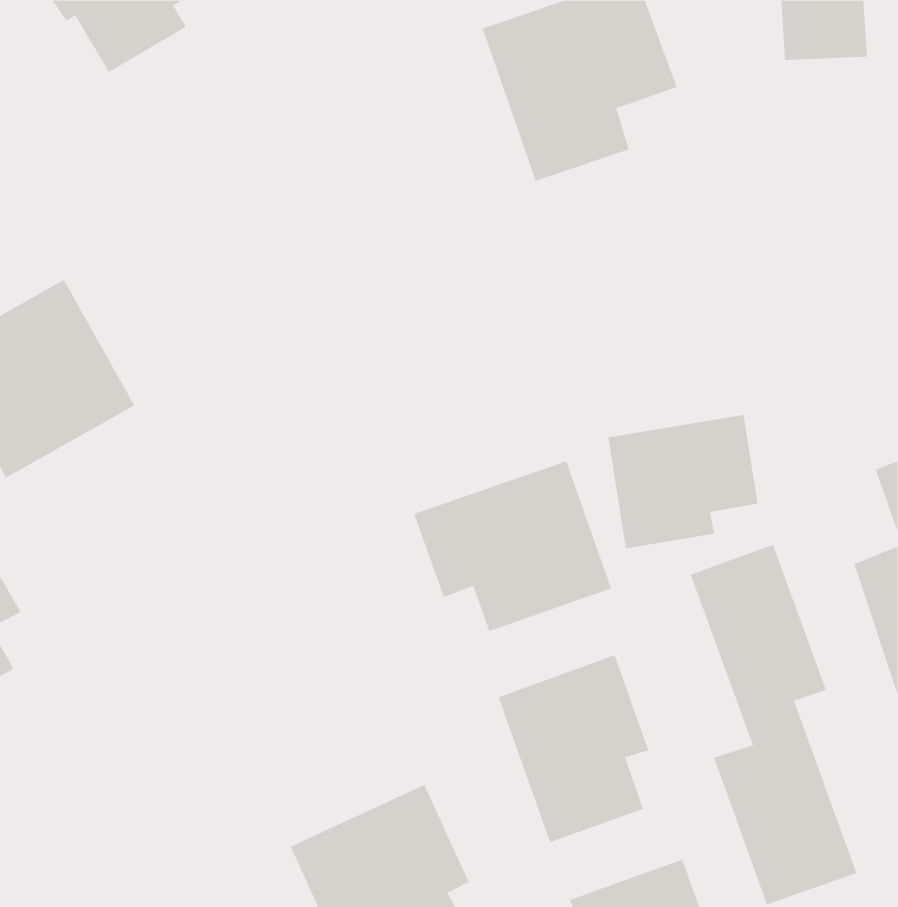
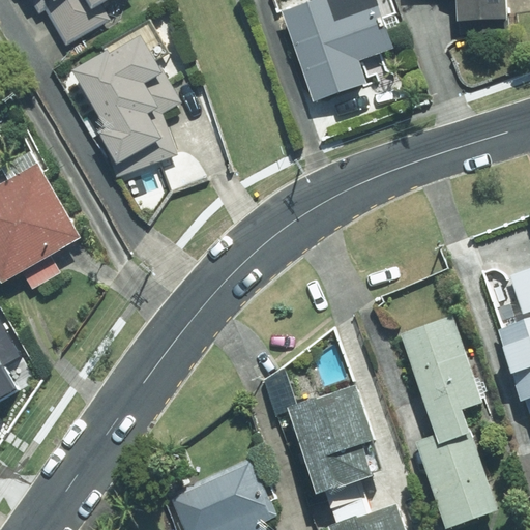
building: none -> [76,32,181,176]
building: [608,414,758,549] -> none
building: [413,460,612,632] -> none

